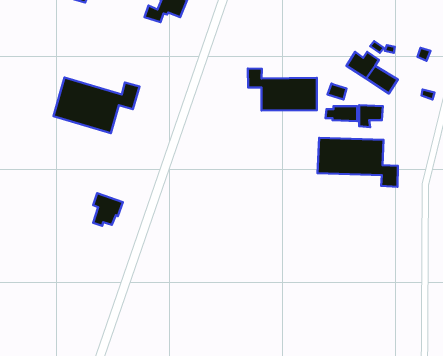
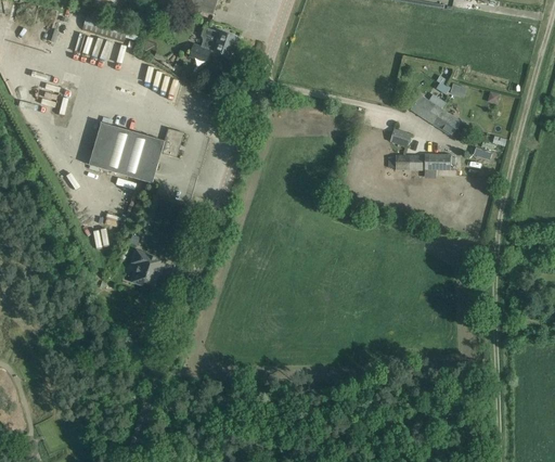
building: [248,68,317,111] -> none
building: [318,138,398,187] -> none

